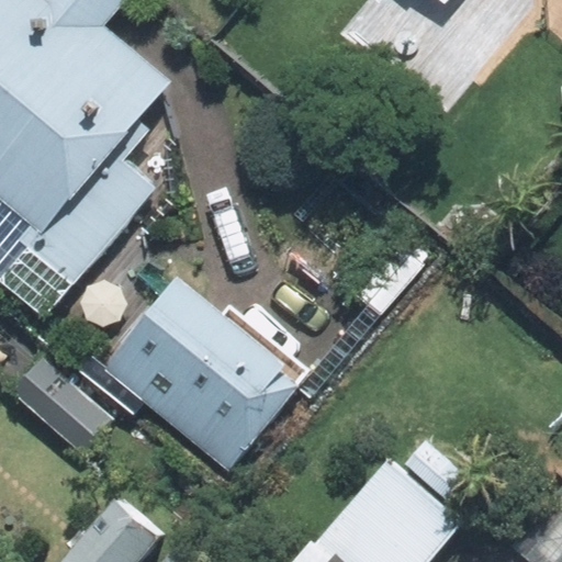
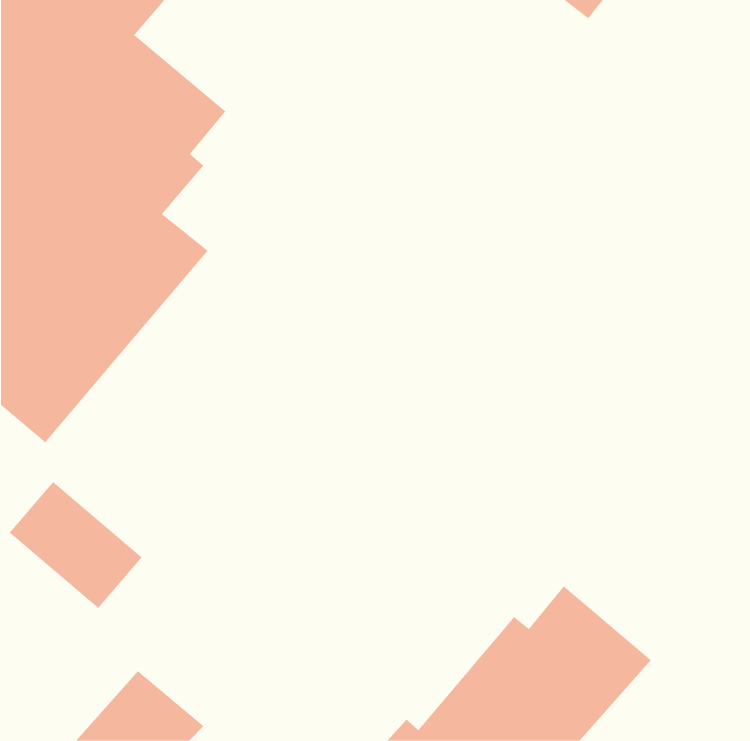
building: [98,285,305,473] -> none

